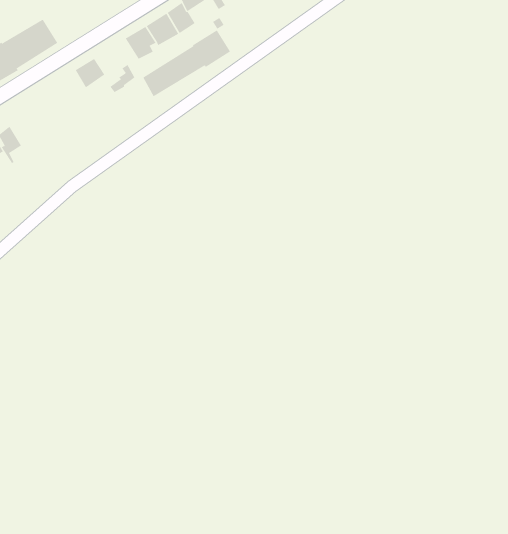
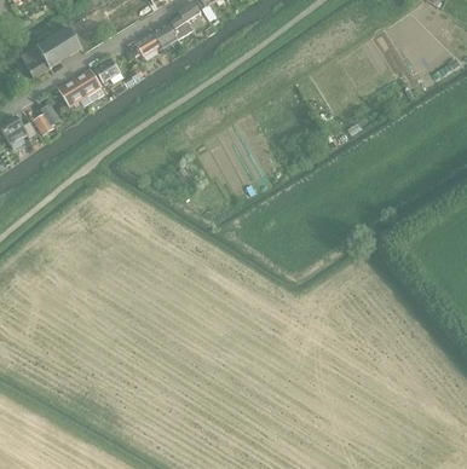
building: [143,29,231,97] -> none
building: none -> [57,68,100,105]

